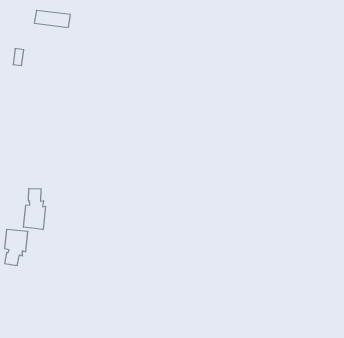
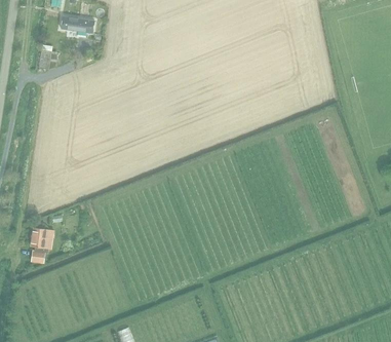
building: [23,188,46,230] -> none

